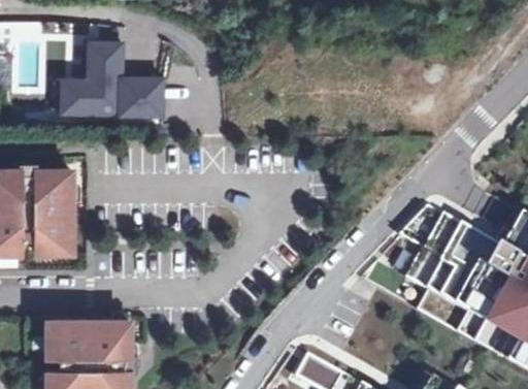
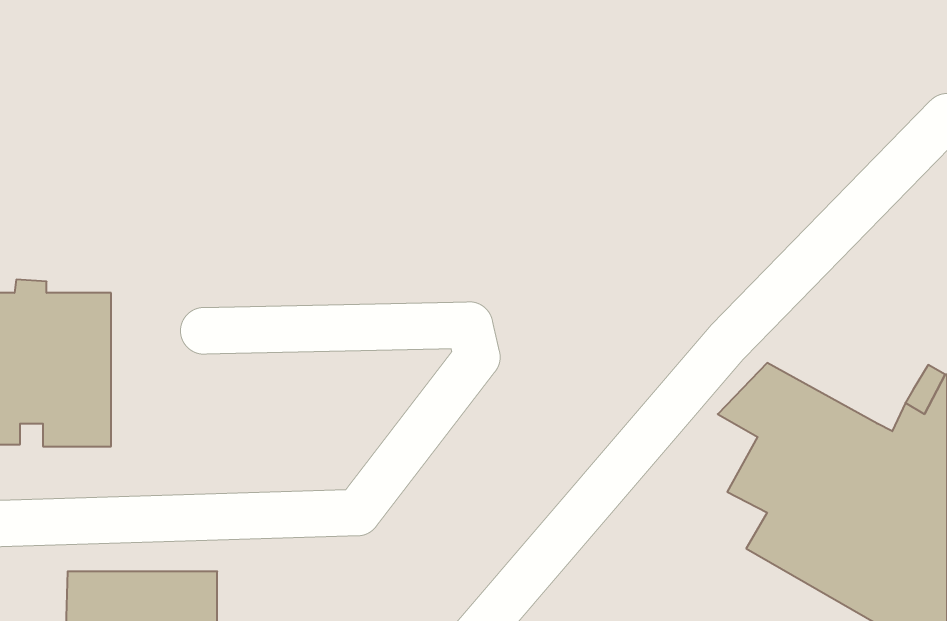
building: [57,42,164,116] -> none

